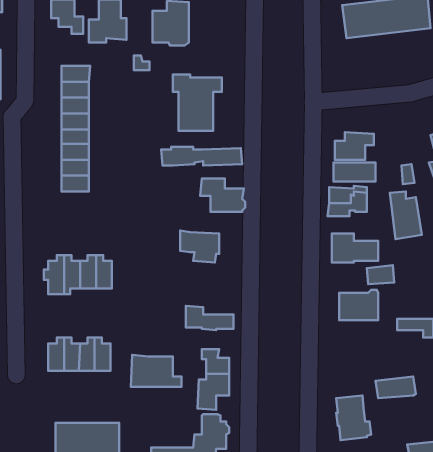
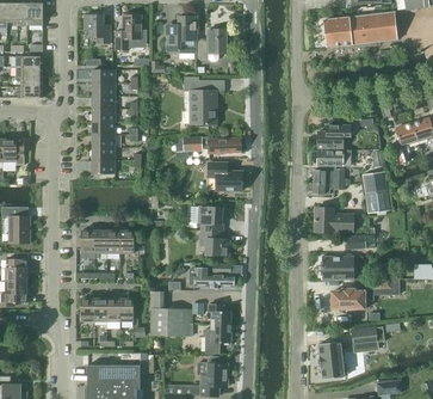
building: none -> [197,30,227,61]
building: none -> [200,231,230,256]
building: none -> [330,289,370,313]

